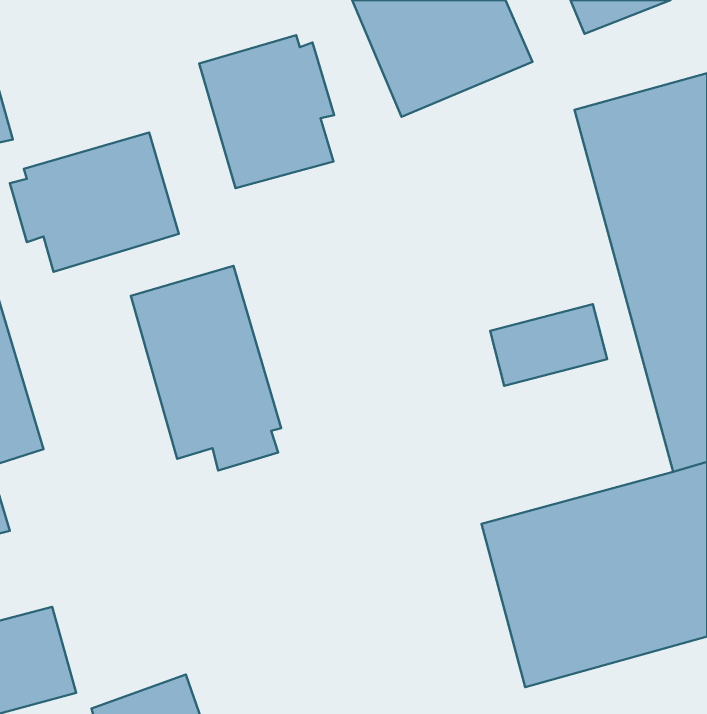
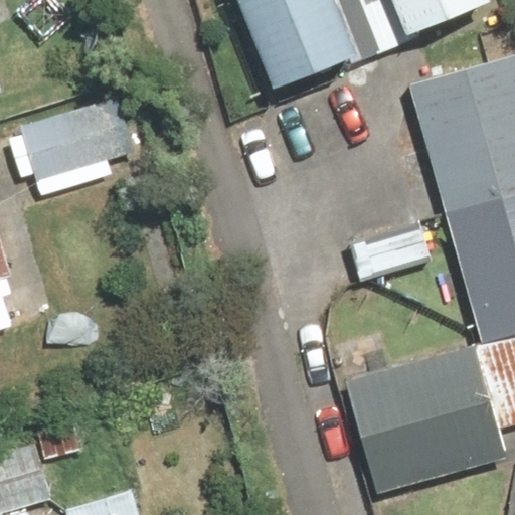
building: [199,35,334,188] -> none
building: [131,266,281,470] -> none

